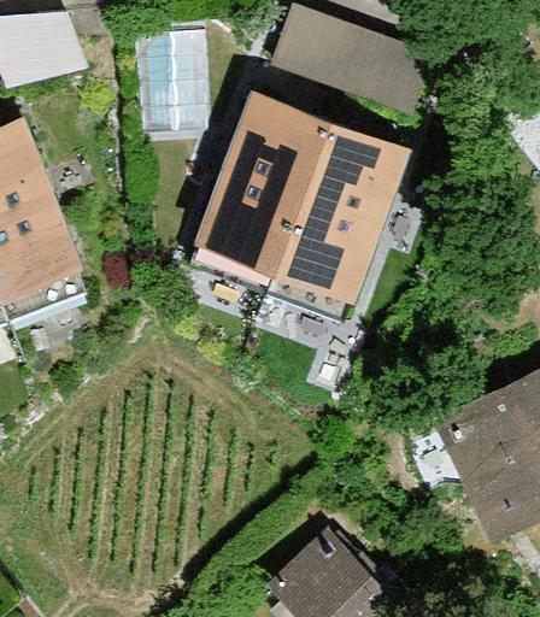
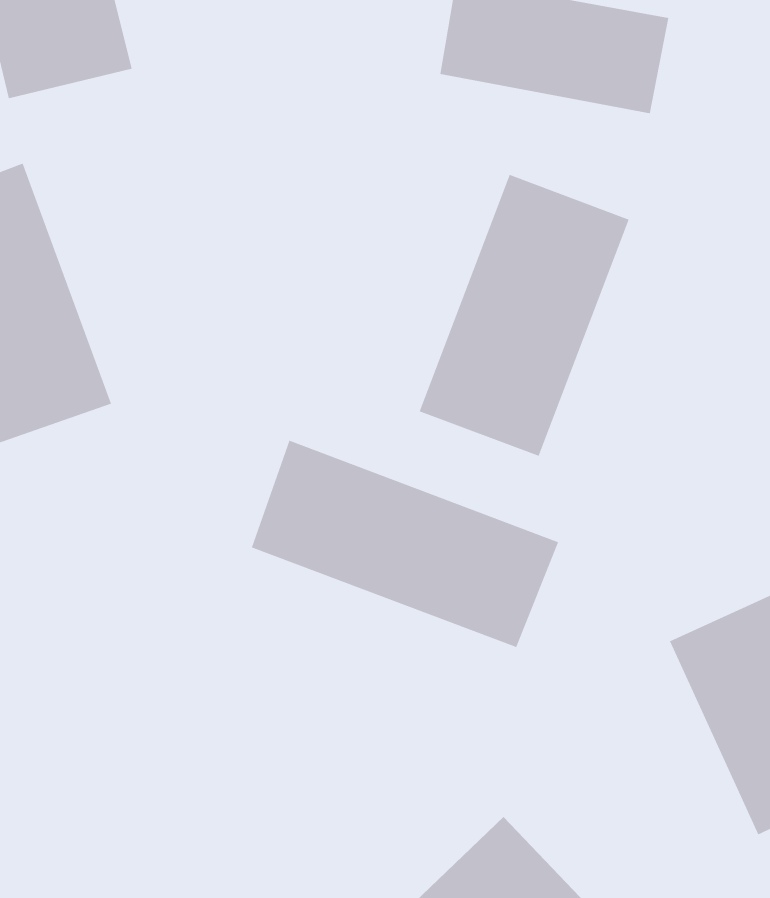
building: [195,98,331,280] -> none
building: none -> [251,440,559,648]

